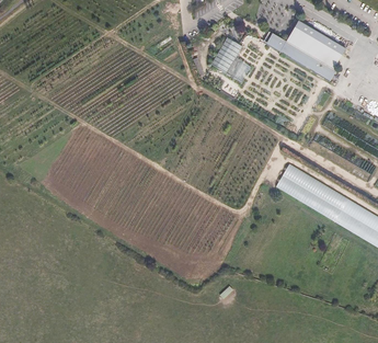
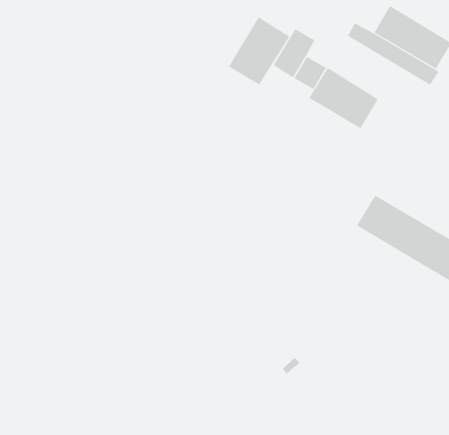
building: none -> [228,17,290,85]
building: none -> [309,67,378,129]

